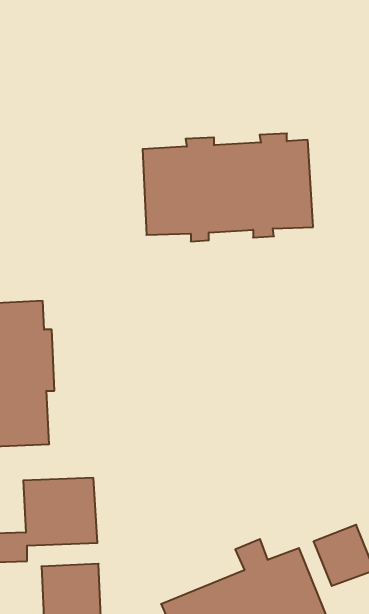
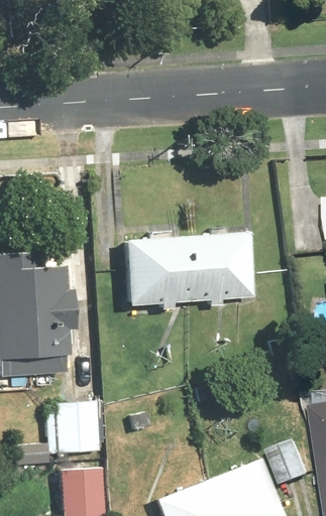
building: [143,133,313,241] -> [117,227,249,310]

